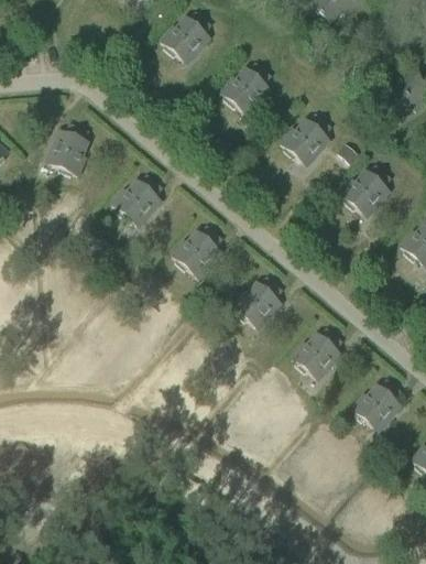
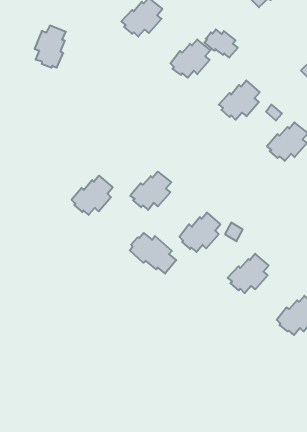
building: none -> [204,29,238,58]
building: [50,124,88,176] -> [35,26,66,68]
building: [111,175,162,224] -> [72,176,113,215]
building: none -> [130,233,176,274]

